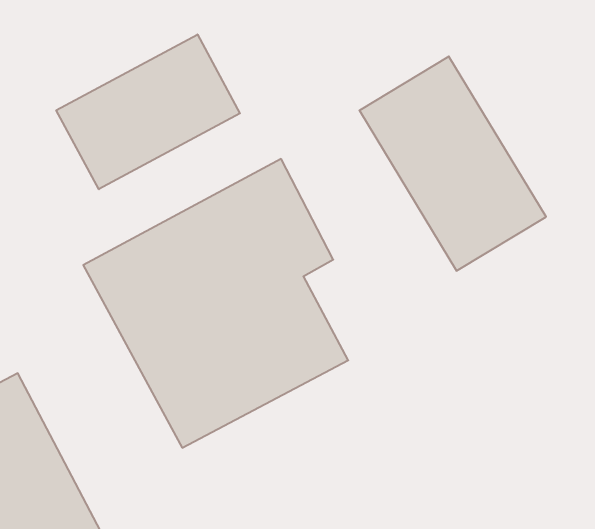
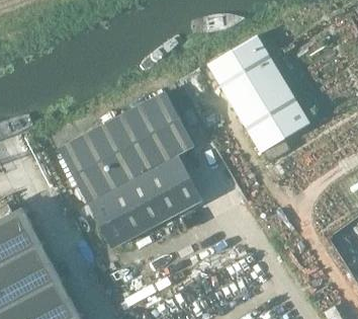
building: [56,34,240,189] -> none

